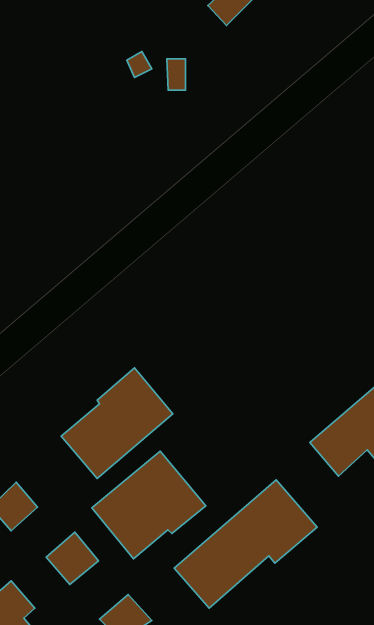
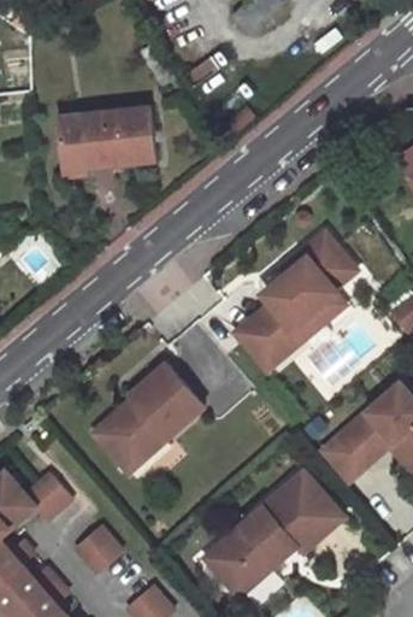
building: none -> [61,106,159,169]
building: none -> [235,233,353,369]
building: [92,451,206,559] -> none

